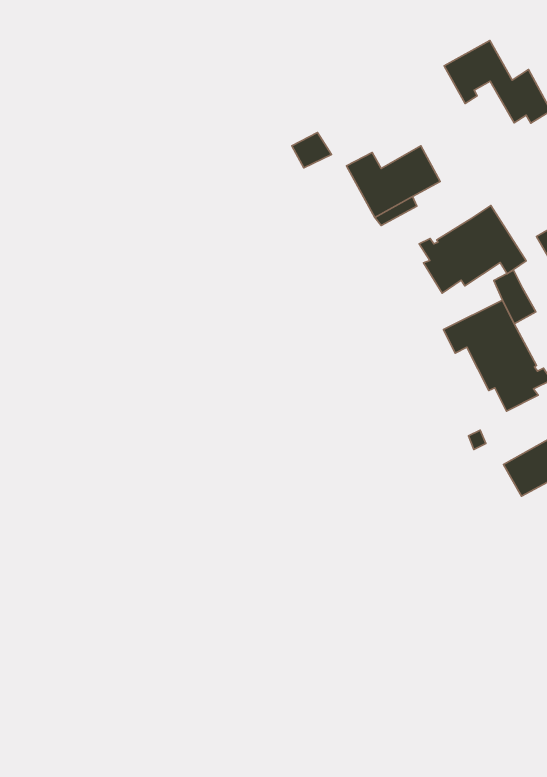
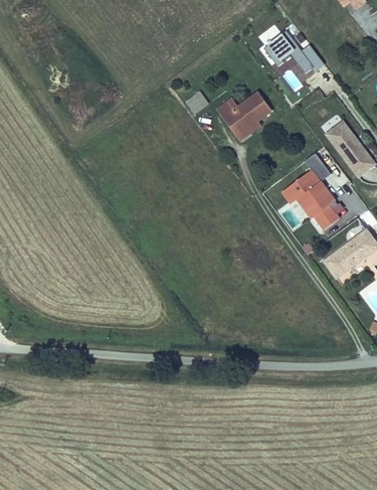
building: [419,206,526,293] -> none

